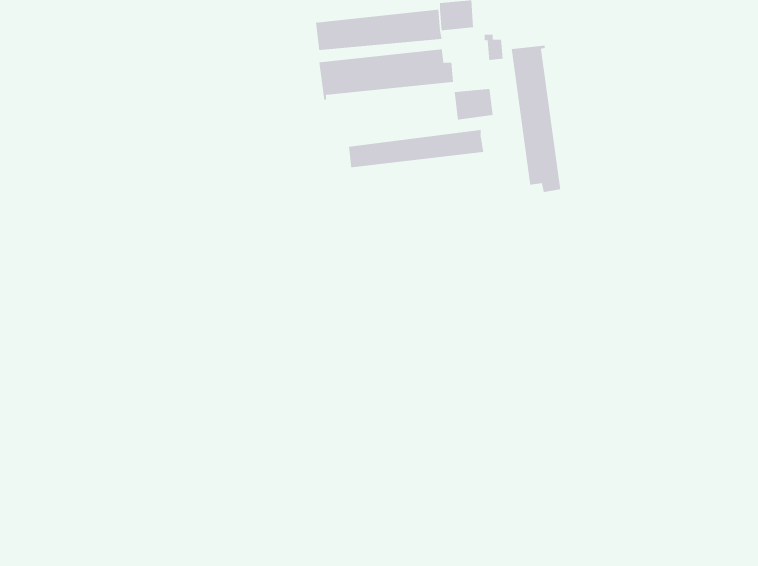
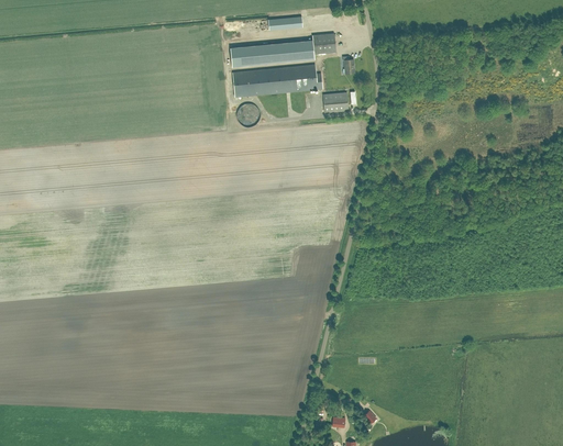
building: [511,45,561,193] -> none
building: [348,129,484,168] -> none

